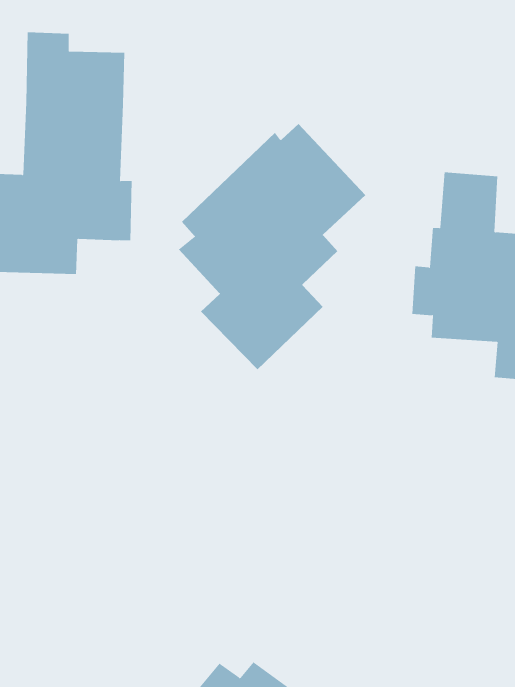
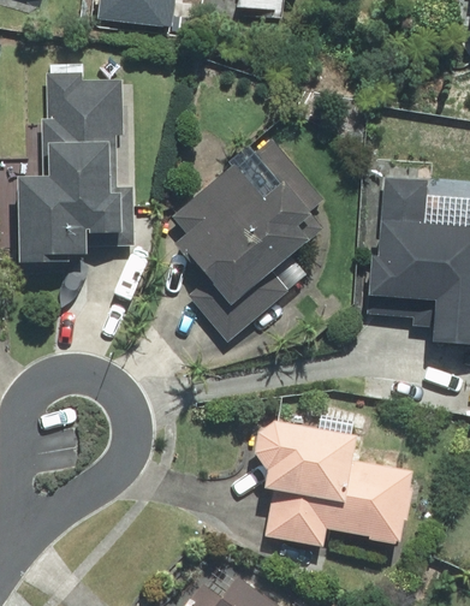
building: none -> [251,415,406,545]

